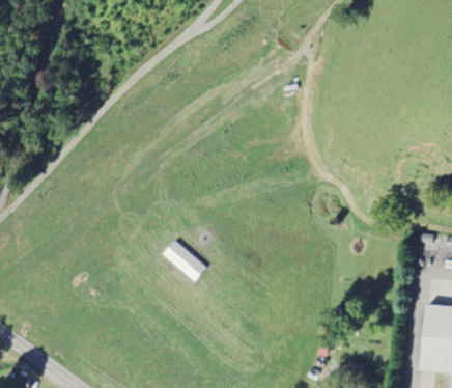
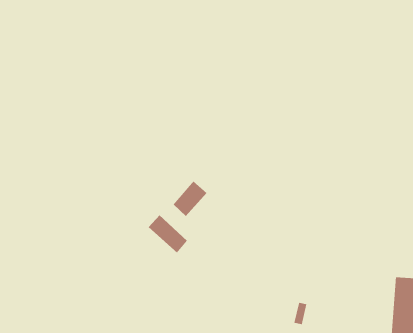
building: none -> [173,180,207,217]

